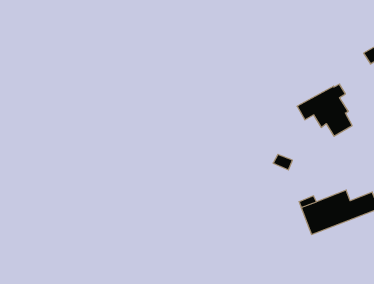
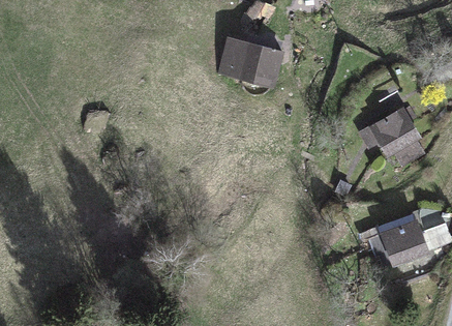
building: none -> [220,36,280,84]

